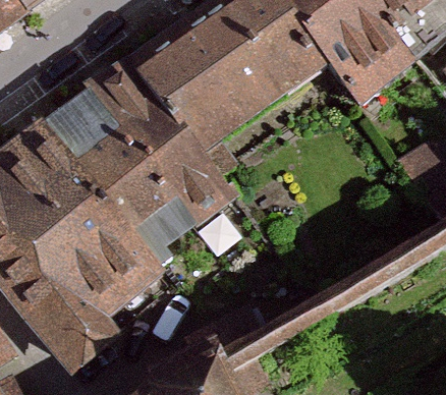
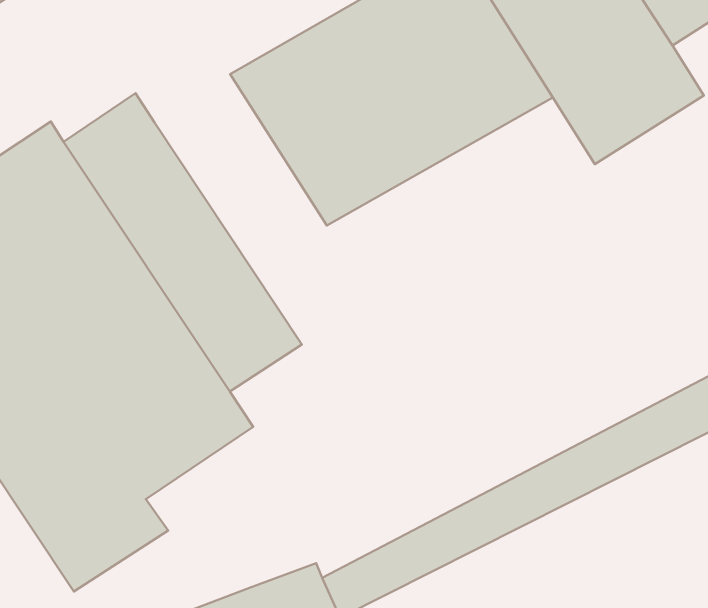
building: [98,66,233,220] -> none

